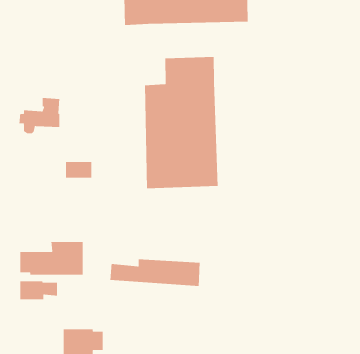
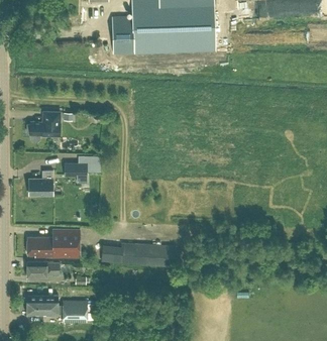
building: [144,56,218,189] -> none
building: none -> [28,169,51,195]
building: none -> [26,295,57,315]

